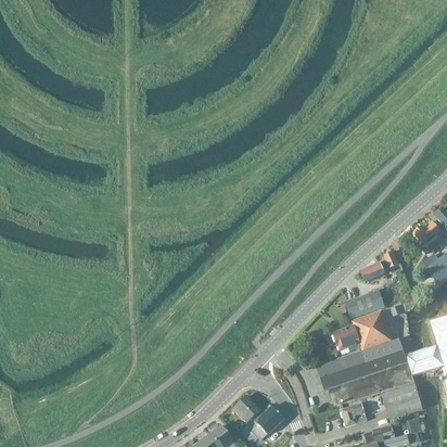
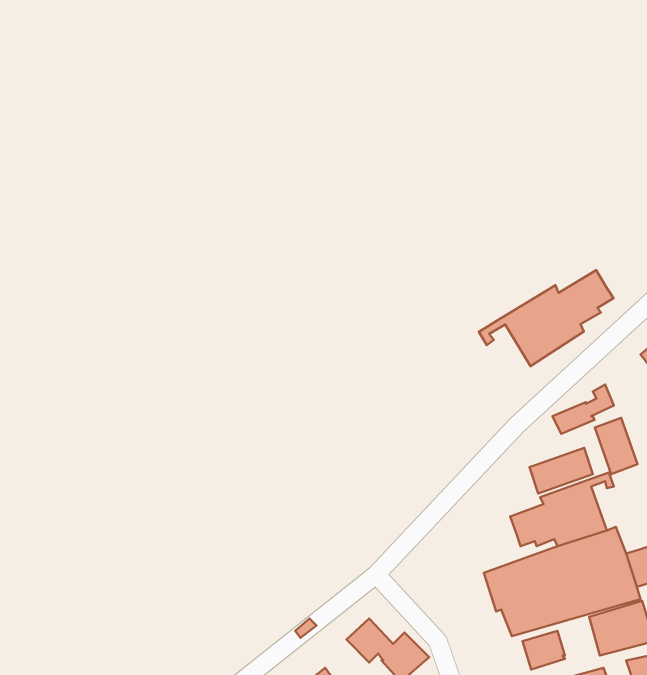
building: none -> [479,270,614,366]
building: none -> [595,418,638,474]

